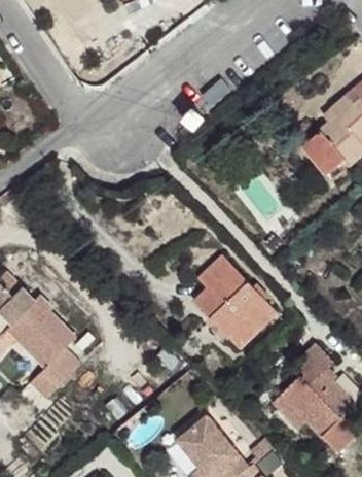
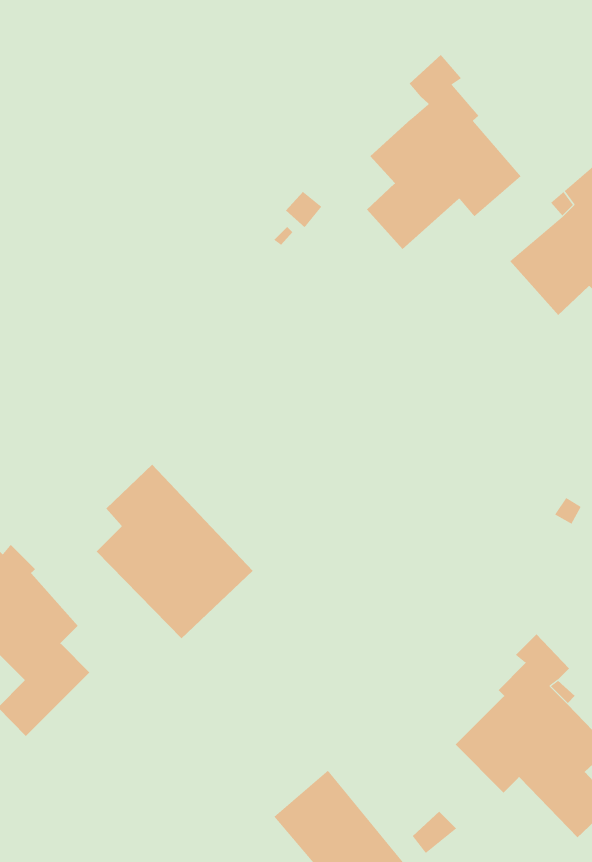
building: none -> [366,54,522,250]
building: [193,255,277,348] -> [96,464,254,639]

